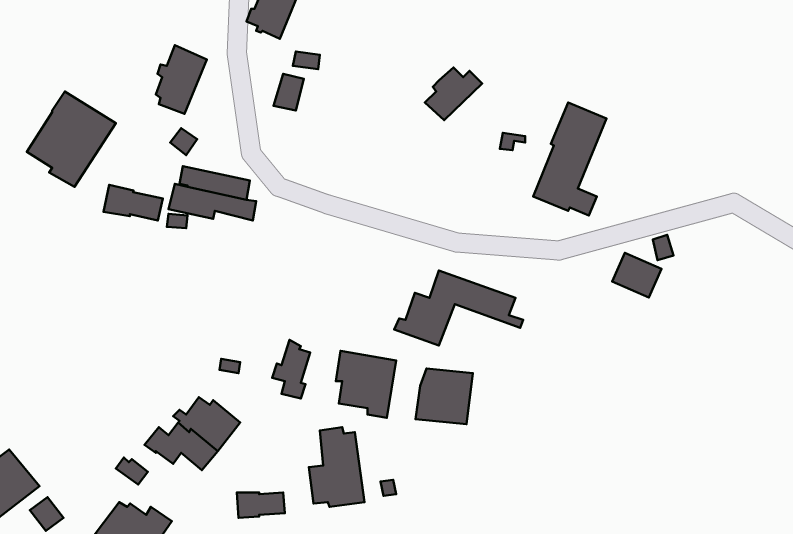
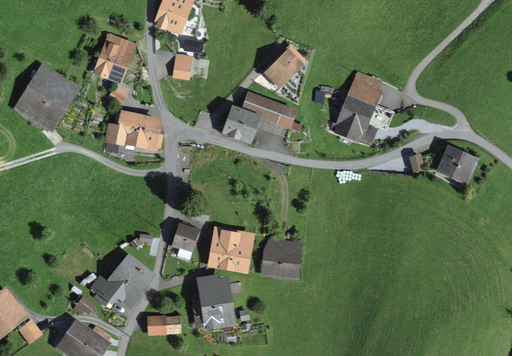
building: [103,185,163,220] -> none
building: [612,253,661,297] -> [442,151,473,179]
building: [394,271,523,345] -> [220,93,301,140]

